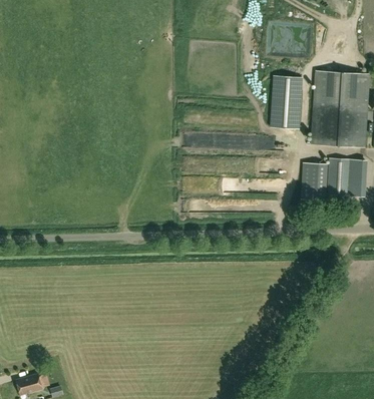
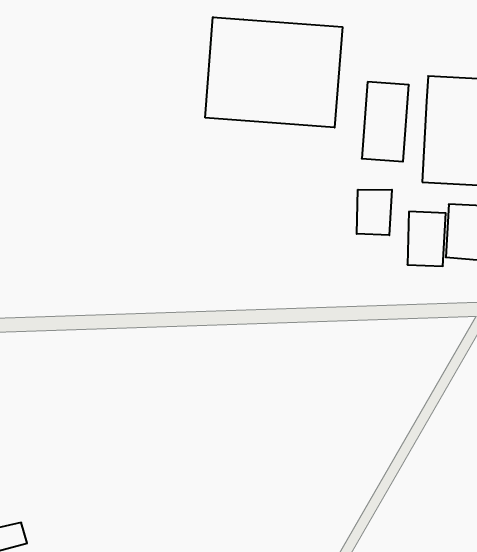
building: none -> [205,17,342,128]
building: none -> [357,190,392,235]

